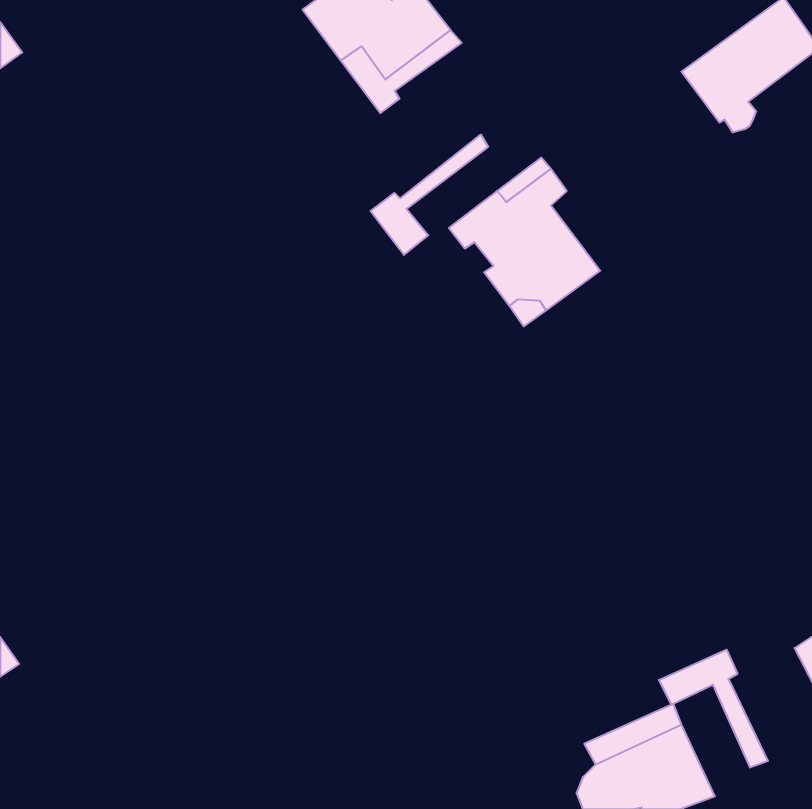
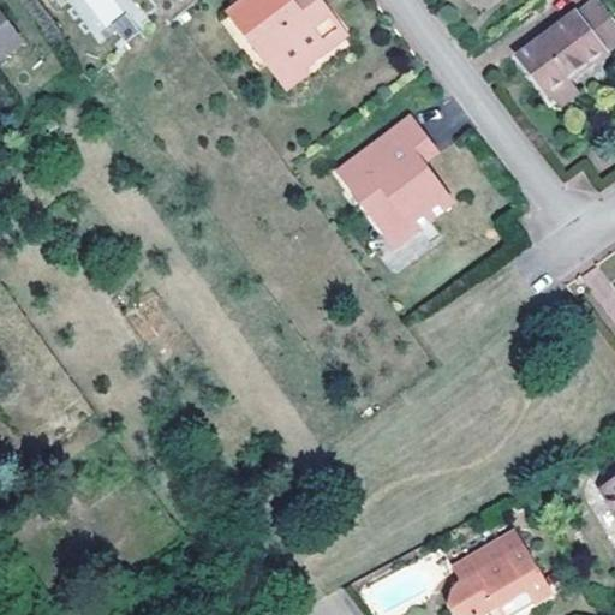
building: [371,135,488,255] -> none
building: [659,650,768,768] -> none

